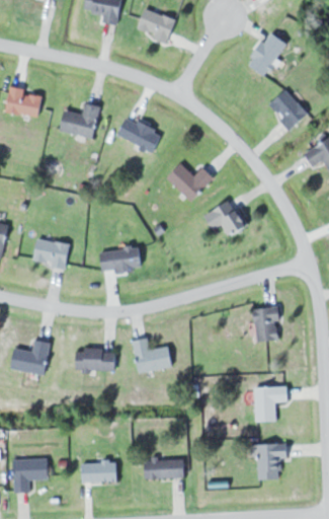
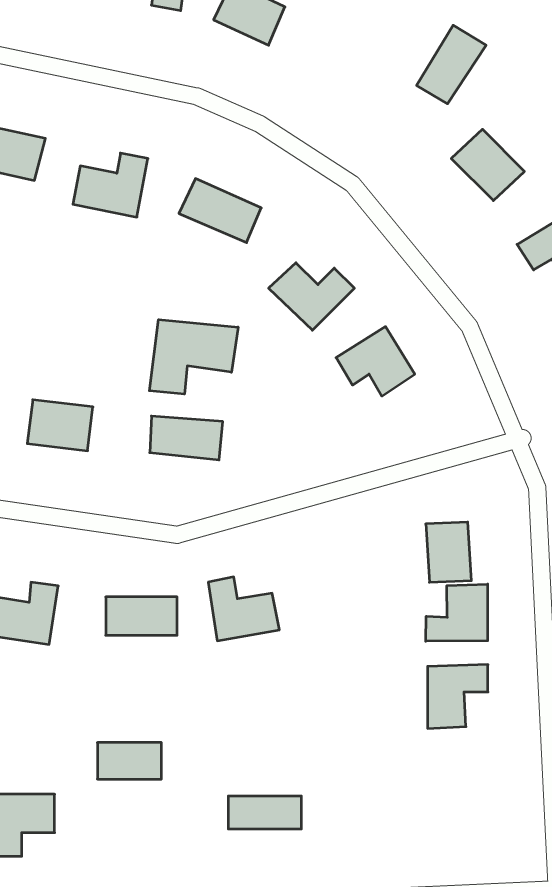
building: none -> [149,320,238,394]
building: none -> [426,584,488,641]
building: [256,444,286,479] -> none
building: [81,462,116,483] -> [97,743,161,779]

